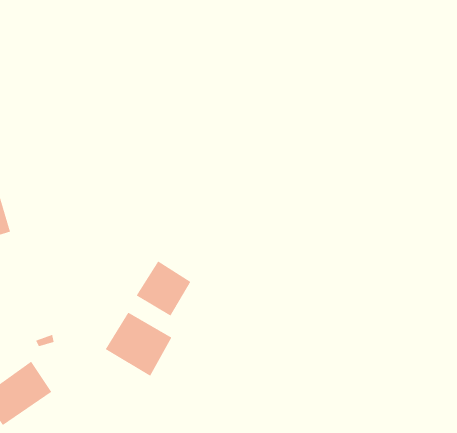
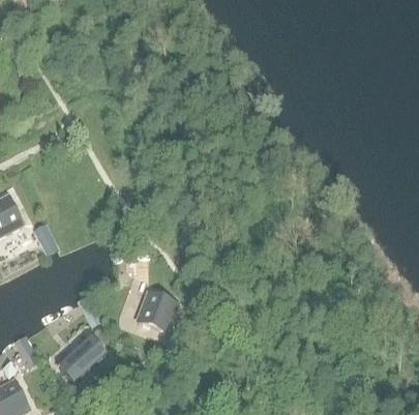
building: [136,261,191,317] -> none

